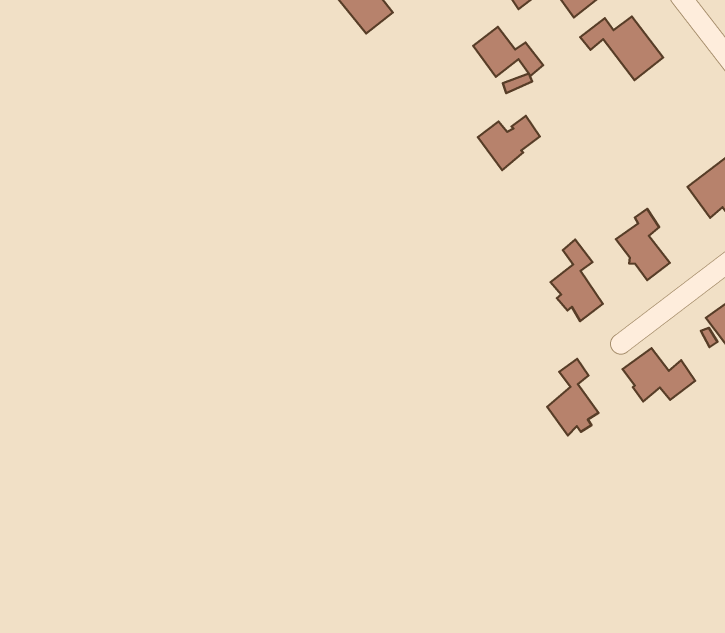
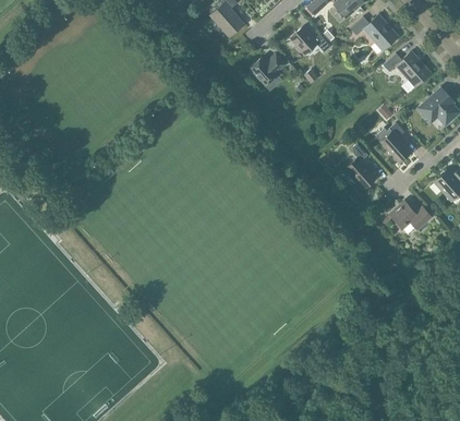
building: none -> [383,51,431,86]
building: [478,116,540,170] -> [250,53,285,85]
building: [547,359,599,436] -> none

